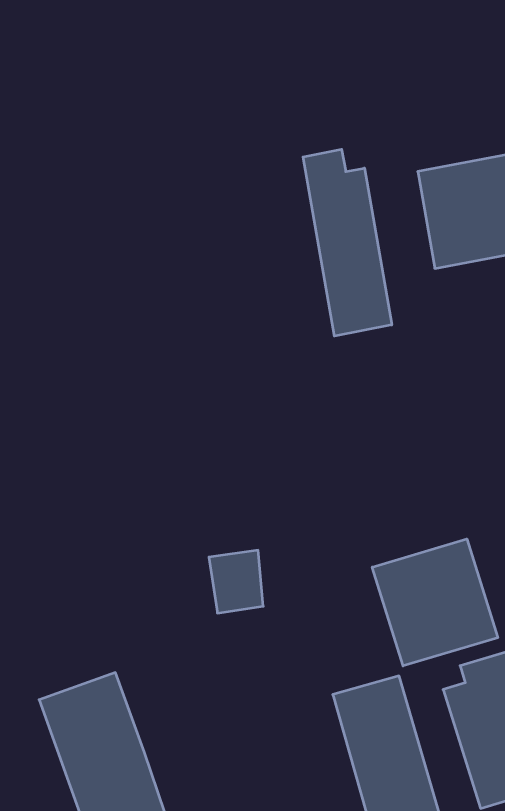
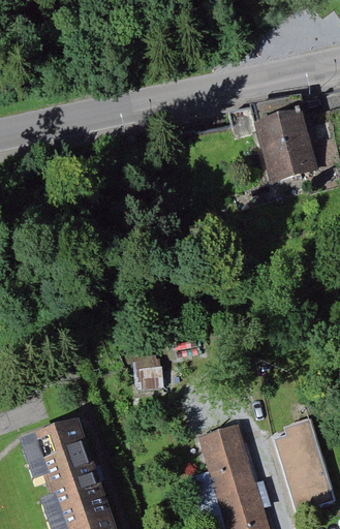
building: [303,149,392,336] -> none
building: [372,539,498,666] -> none

